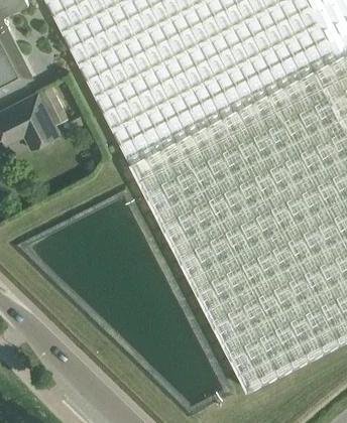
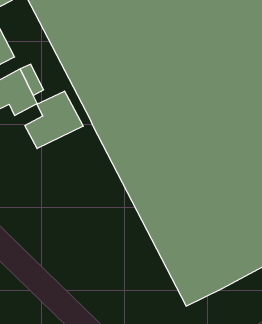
building: none -> [25,91,83,149]

